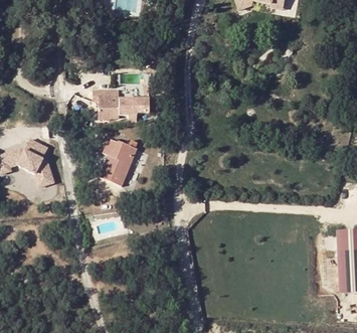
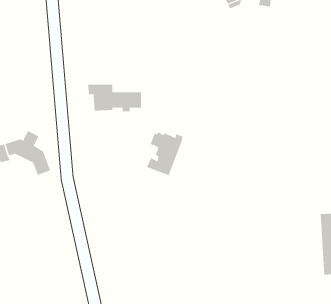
building: [99,138,138,184] -> [146,132,184,176]

